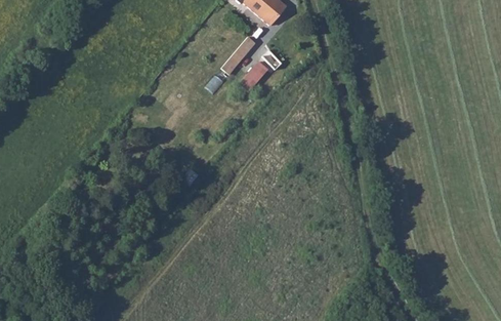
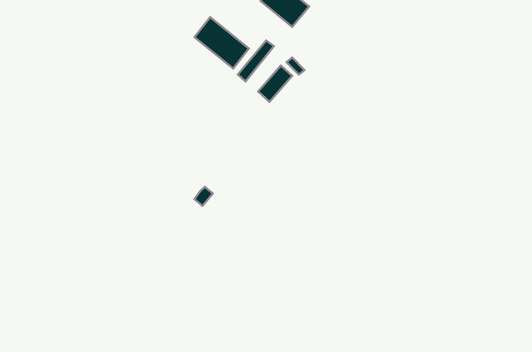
building: none -> [195,17,249,68]

